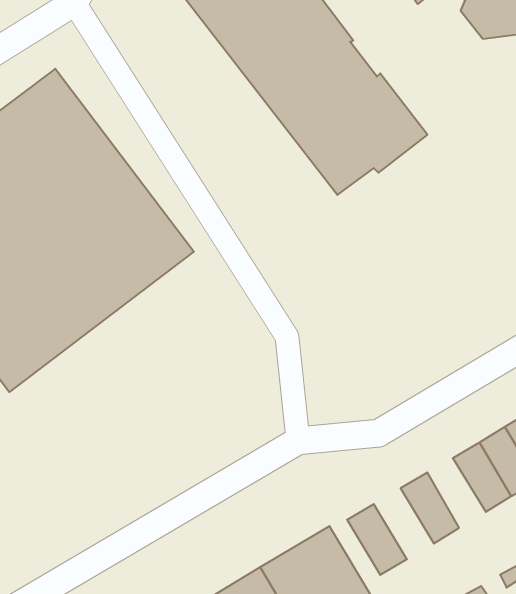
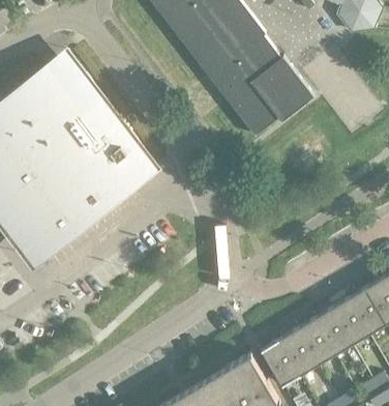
building: none -> [313,308,352,353]
building: none -> [278,327,318,374]

